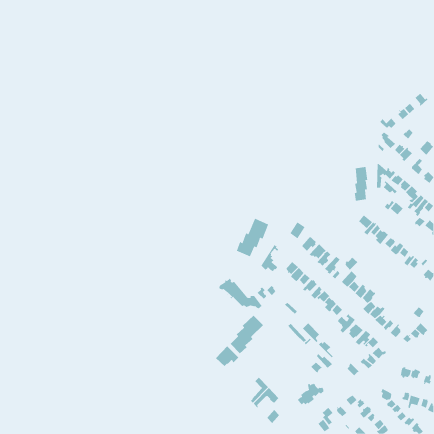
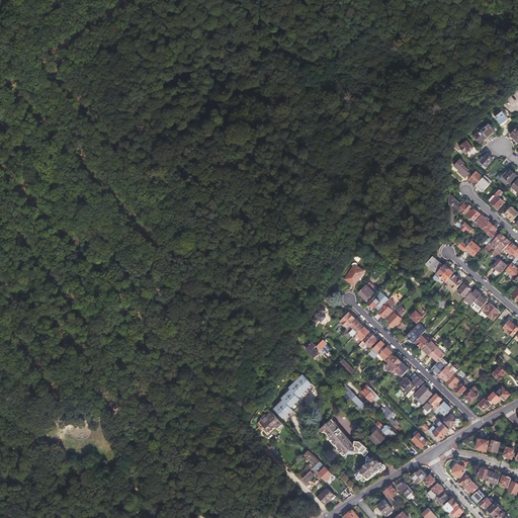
building: [354,166,368,201] -> none
building: [236,218,269,257] -> none
building: [218,278,263,309] -> [318,419,370,456]

